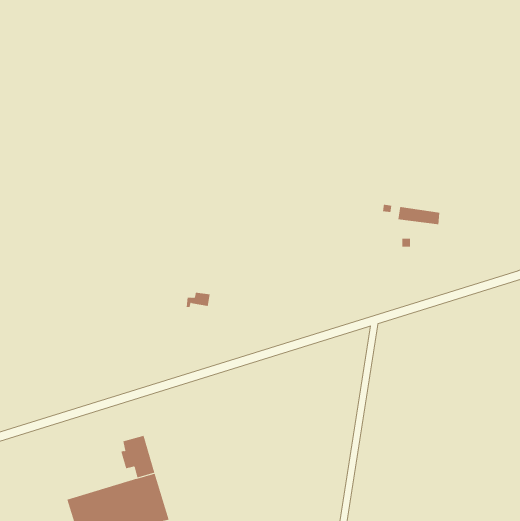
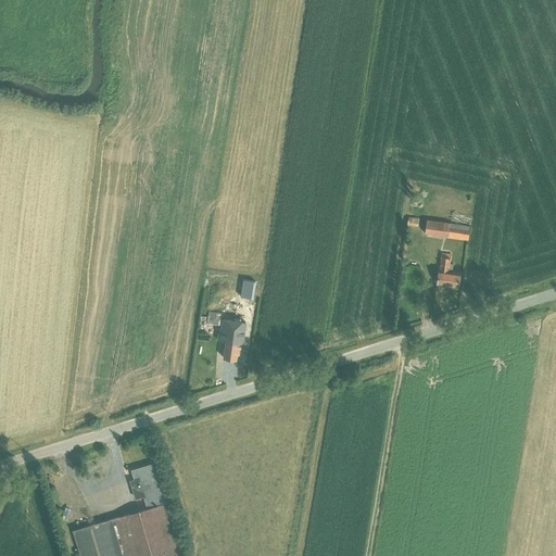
building: none -> [437,254,458,287]
building: none -> [223,328,242,361]

